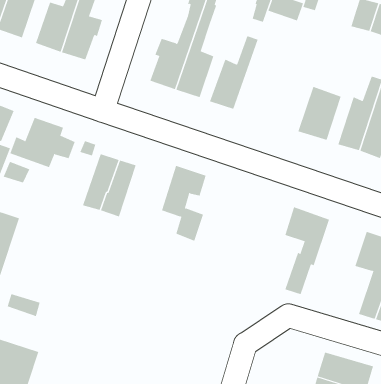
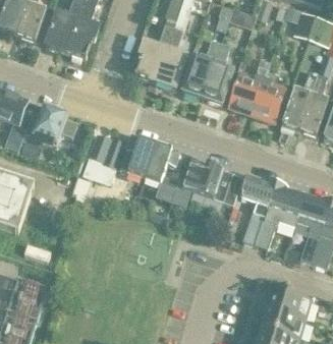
building: none -> [201,43,231,105]
building: none -> [228,65,267,115]
building: none -> [119,133,155,177]
building: none -> [170,161,241,206]
building: none -> [257,184,304,245]

